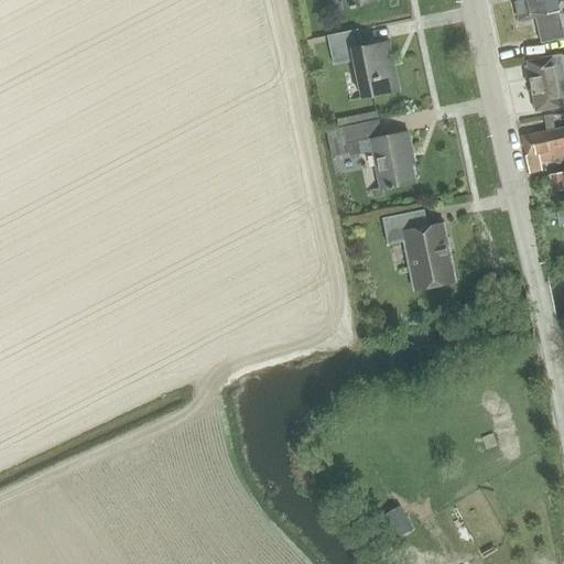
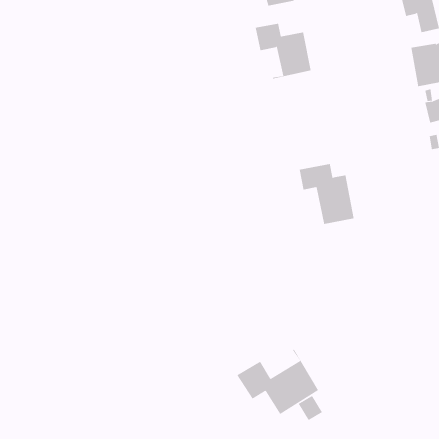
building: [327,119,415,191] -> none
building: [522,131,551,173] -> none
building: none -> [236,349,319,415]

